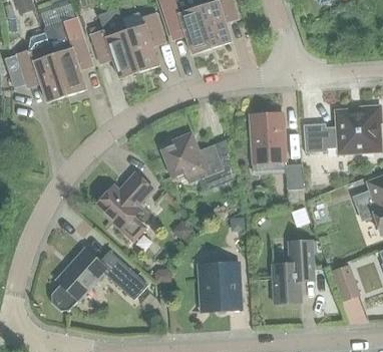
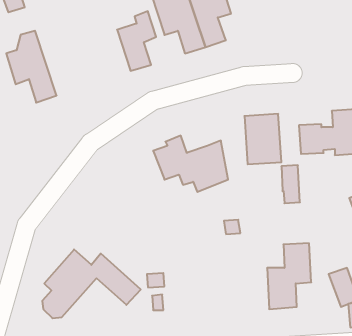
building: [90,9,138,78] -> none
building: [44,17,91,95] -> none
building: [94,172,153,242] -> none
building: [199,262,242,312] -> none

